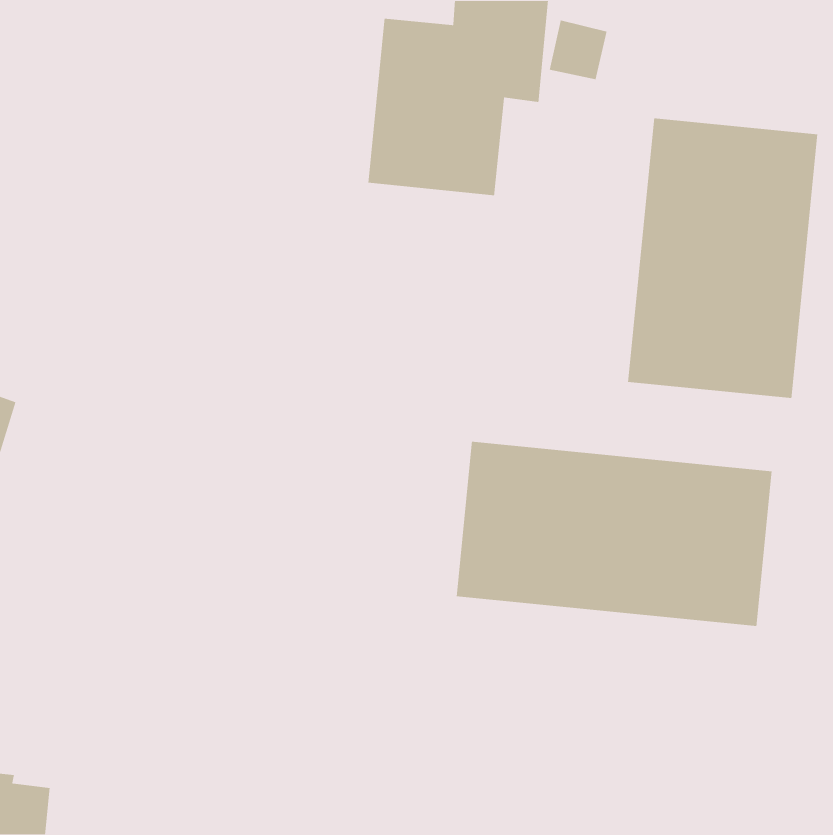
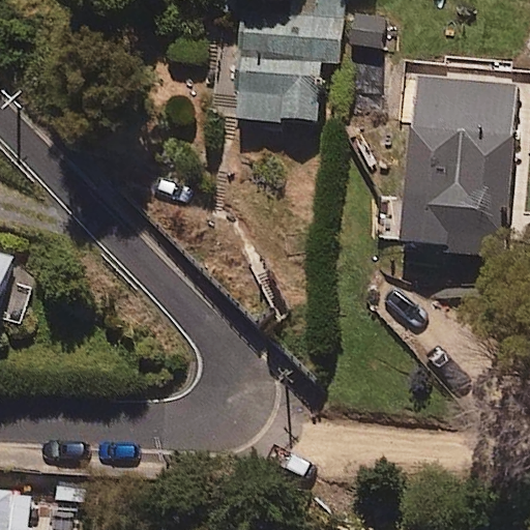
building: [456,441,773,627] -> none

